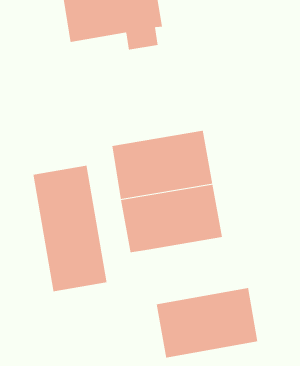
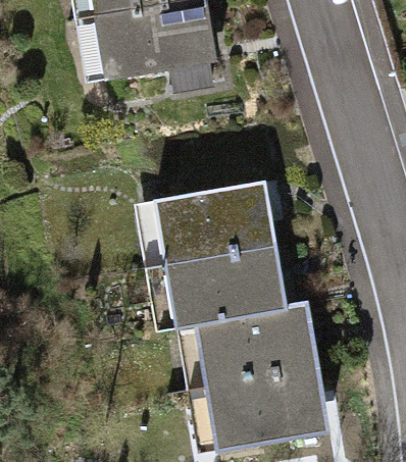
building: [33,165,107,292] -> none
building: none -> [196,305,315,387]

